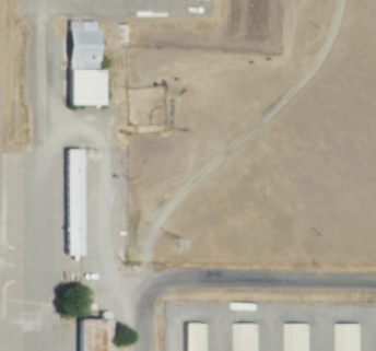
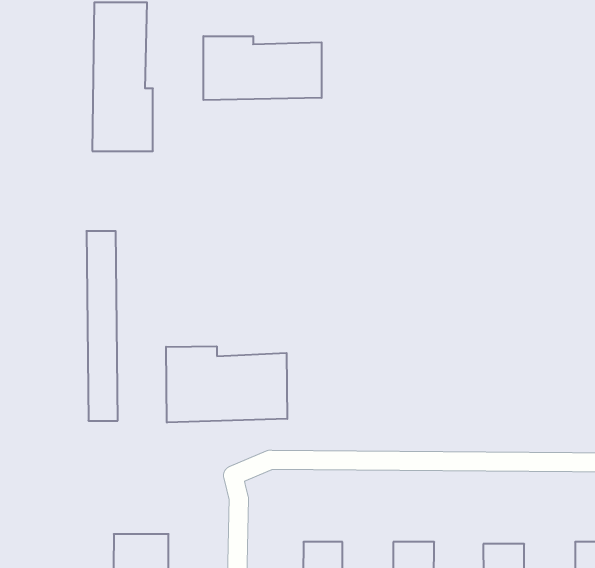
building: none -> [203,36,322,100]
building: none -> [166,346,287,423]

